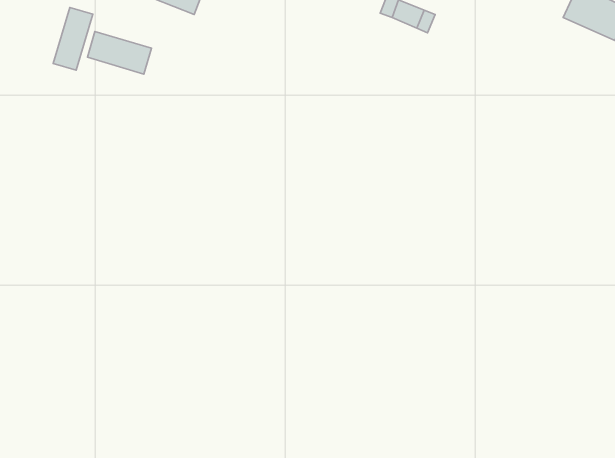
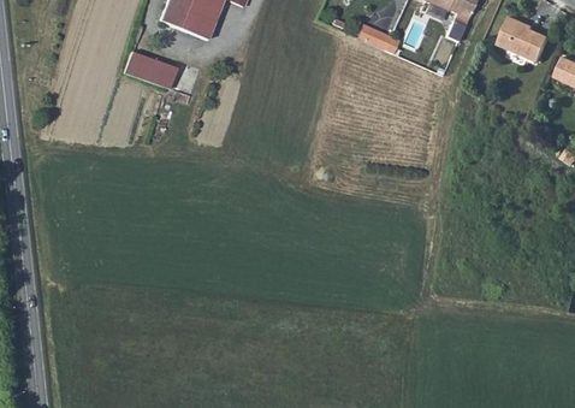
building: [53,7,93,70] -> none

